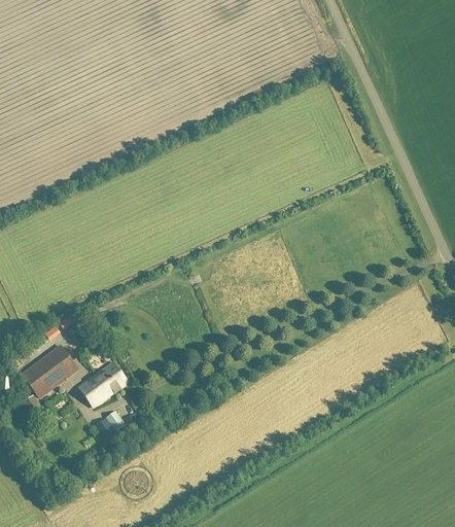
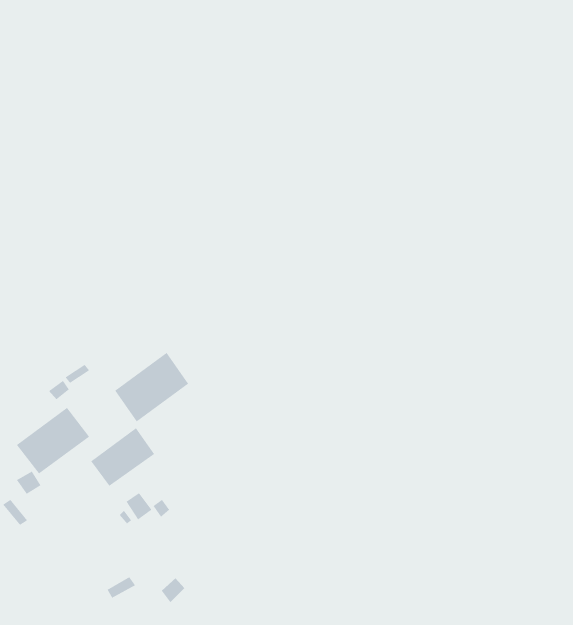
building: none -> [114,352,189,423]

